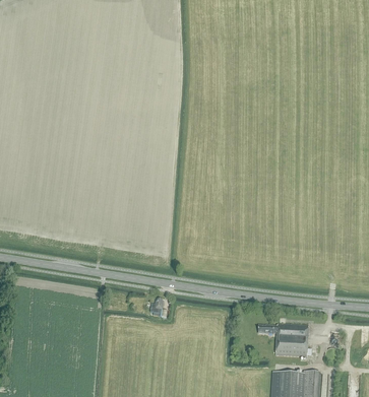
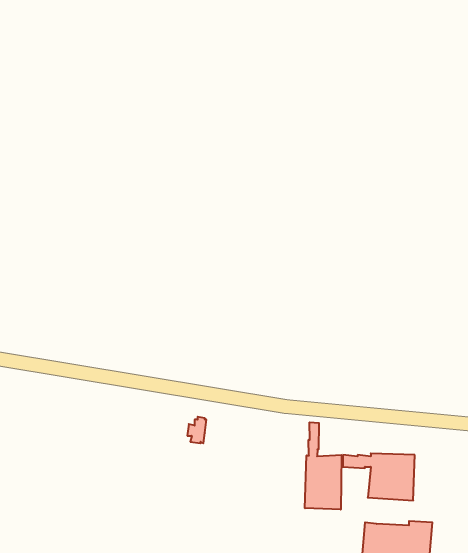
building: none -> [305,422,341,510]

